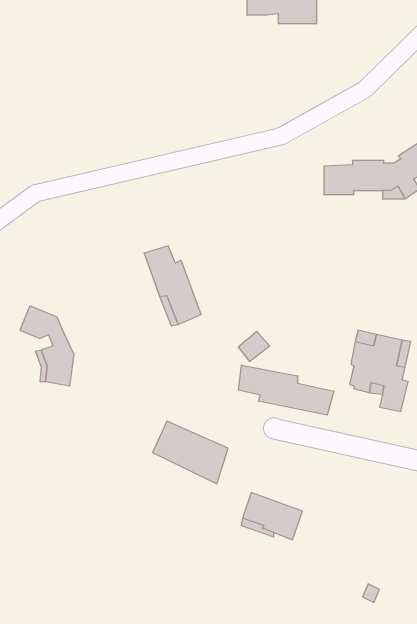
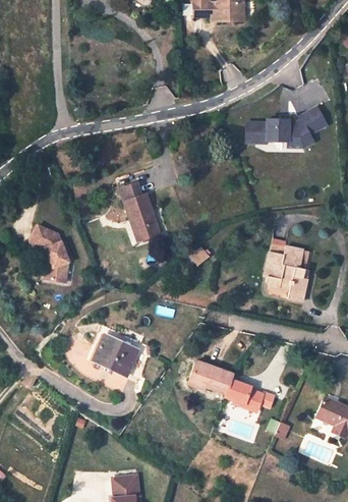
building: [239,365,334,415] -> none
building: [152,421,228,484] -> [94,335,148,380]
building: none -> [224,378,273,409]

